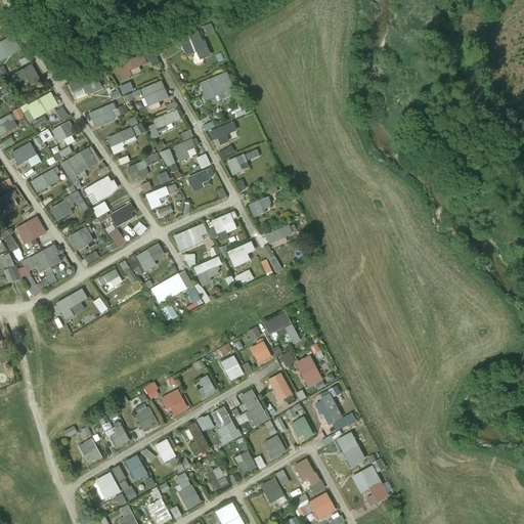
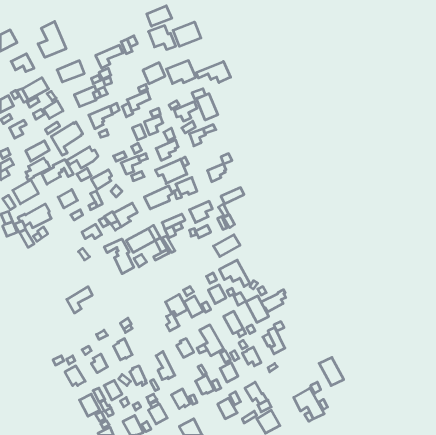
building: none -> [147,6,172,26]
building: none -> [38,21,66,57]
building: none -> [173,22,201,46]
building: none -> [196,61,231,83]
building: [141,81,168,106] -> [143,63,165,84]
building: none -> [196,94,218,120]
building: [127,152,161,180] -> none
building: none -> [26,158,50,180]
building: none -> [155,159,187,184]
building: none -> [213,235,240,257]
building: none -> [104,239,134,274]
building: [56,289,87,320] -> [67,287,92,313]
building: none -> [261,290,286,312]
building: [161,389,187,414] -> [165,294,188,316]
building: [336,433,365,467] -> [319,357,344,386]

